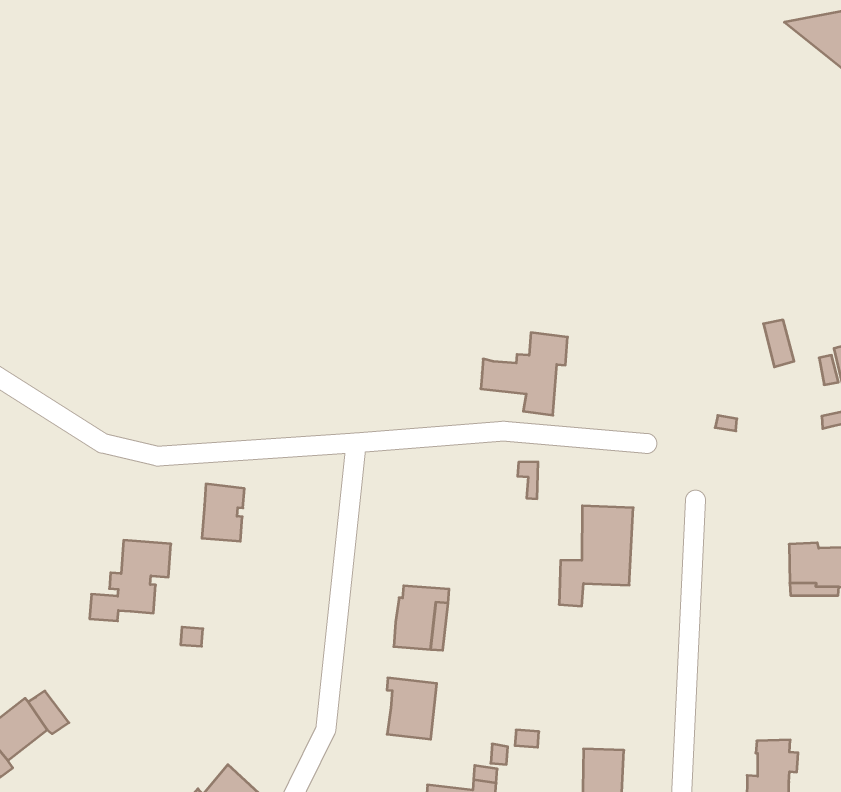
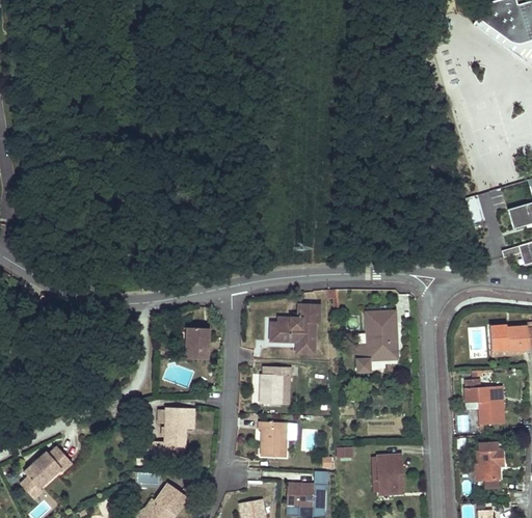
building: [481,333,568,415] -> [270,305,319,353]
building: [202,484,244,541] -> [186,327,209,359]
building: [90,540,171,621] -> [151,407,195,455]
building: none -> [464,378,505,431]

